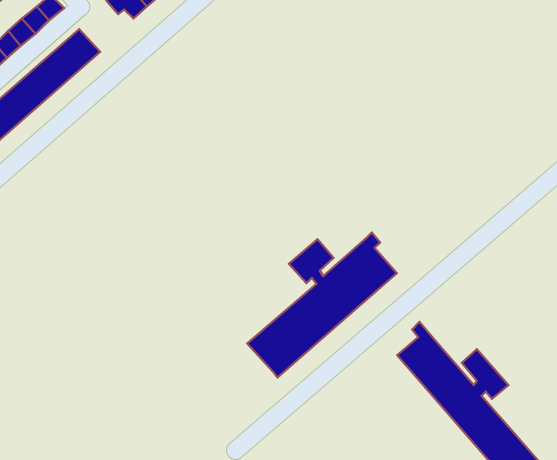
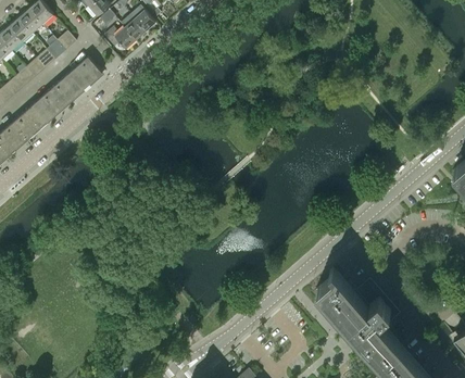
building: [247,232,397,377] -> none

